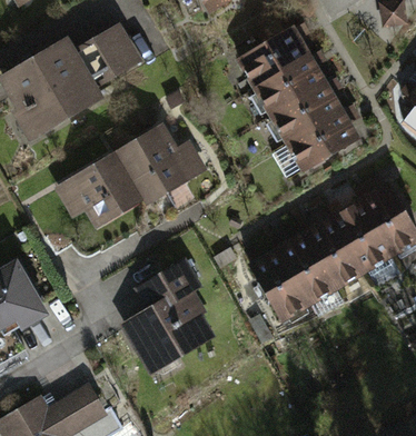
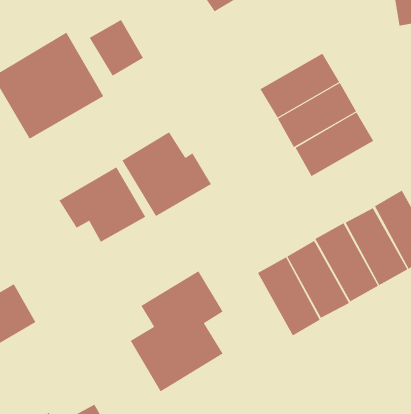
building: [232,23,308,86] -> none

